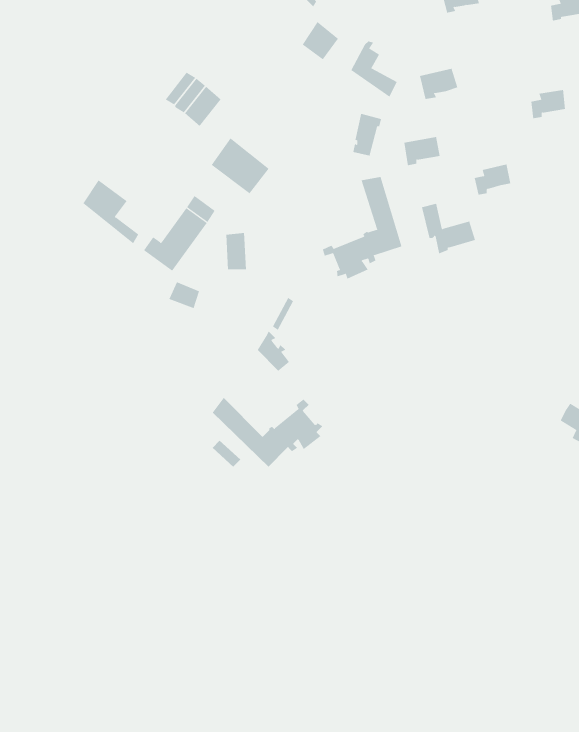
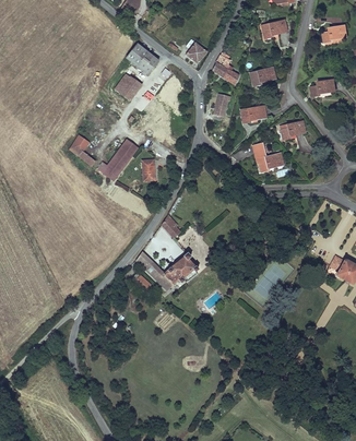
building: [211,137,269,194] -> [126,43,158,74]
building: [322,176,402,279] -> none

